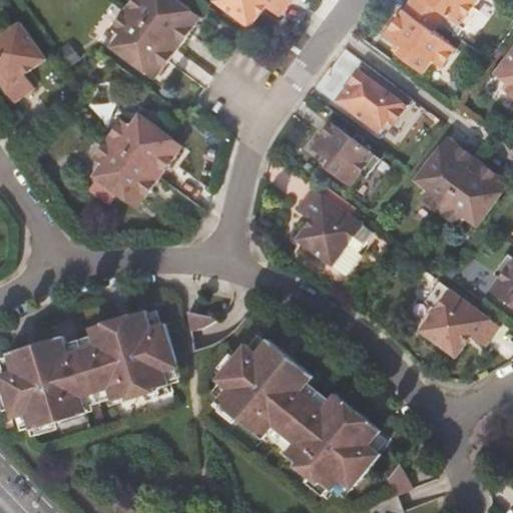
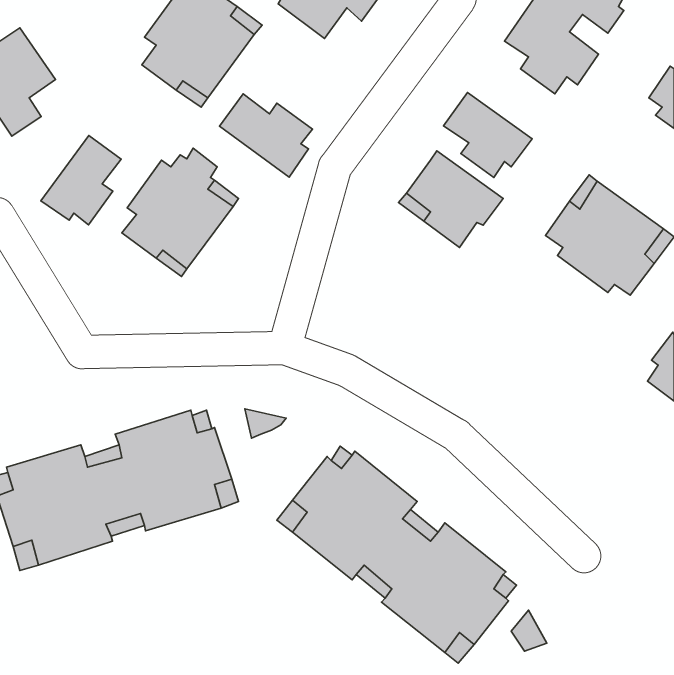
building: none -> [220,94,312,177]
building: none -> [41,136,121,225]
building: [293,187,370,275] -> none
building: [419,279,500,356] -> none

